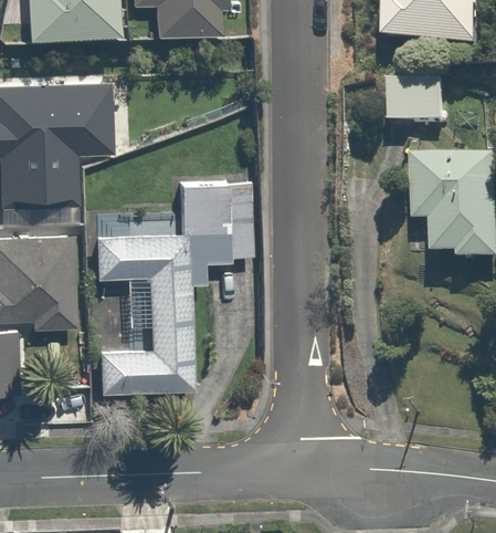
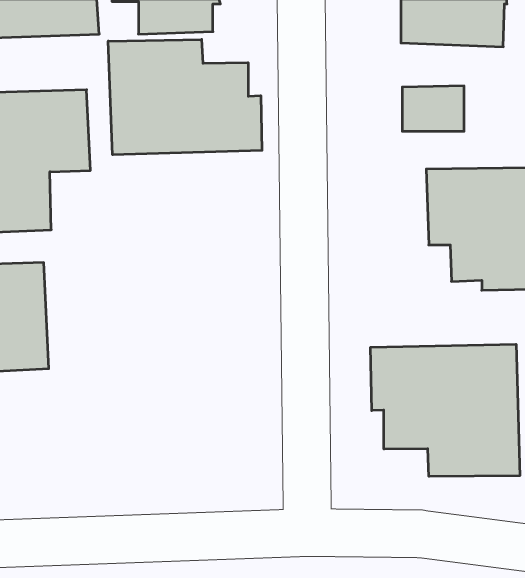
building: none -> [108,39,262,155]
building: [95,182,253,394] -> none
building: none -> [371,344,520,476]

